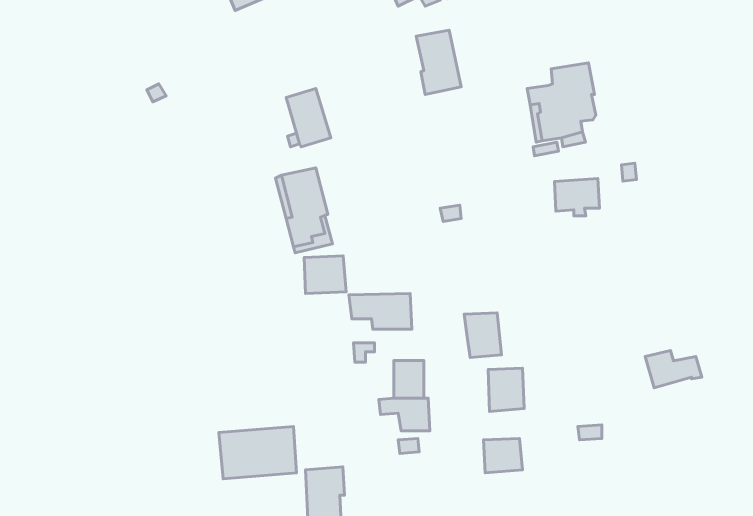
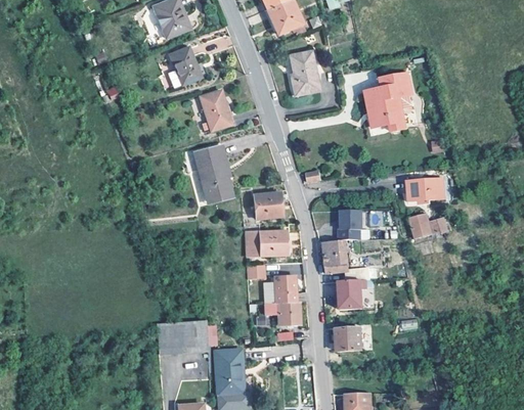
building: none -> [169,45,201,83]
building: [554,178,599,216] -> [411,178,442,203]
building: [304,256,346,293] -> [254,190,282,216]
building: none -> [338,211,362,240]
building: [645,350,702,388] -> [409,214,448,239]

